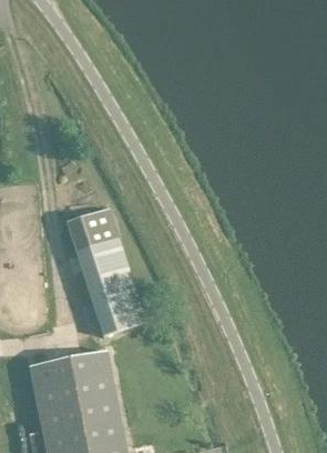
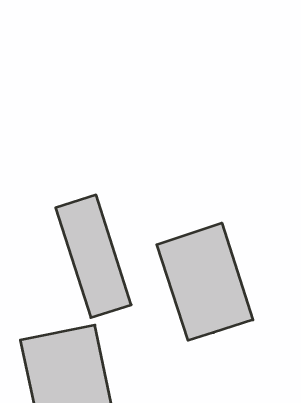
building: none -> [157,223,253,340]

